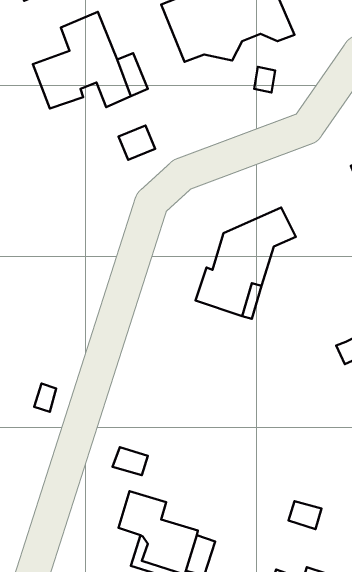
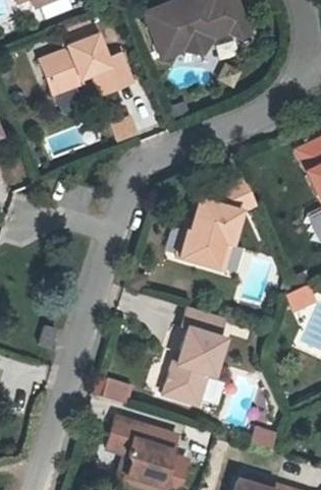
building: none -> [164,307,226,405]

